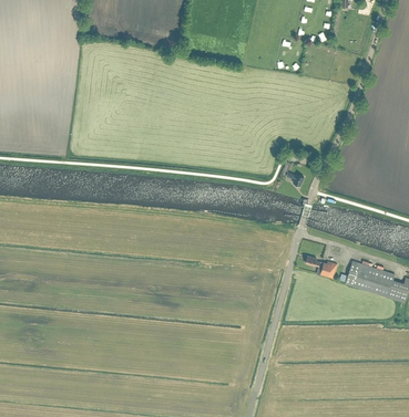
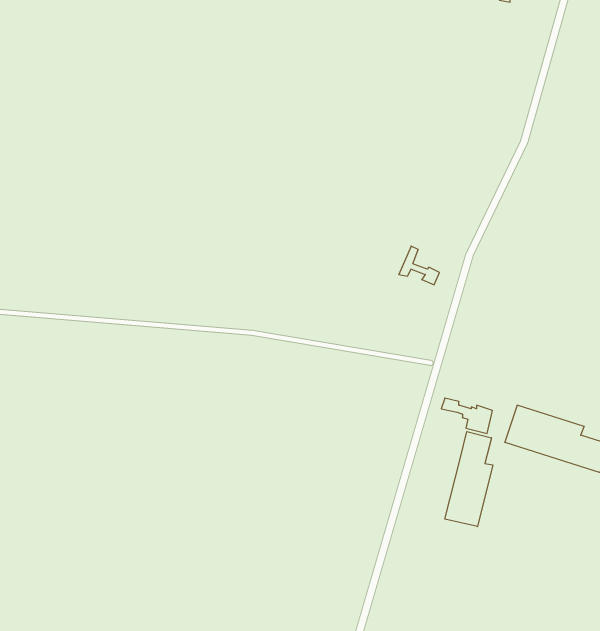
building: none -> [445,432,493,527]

